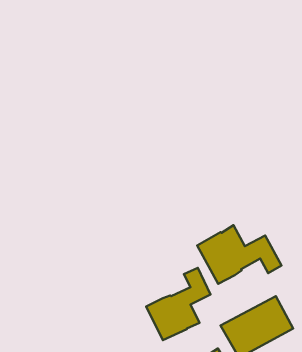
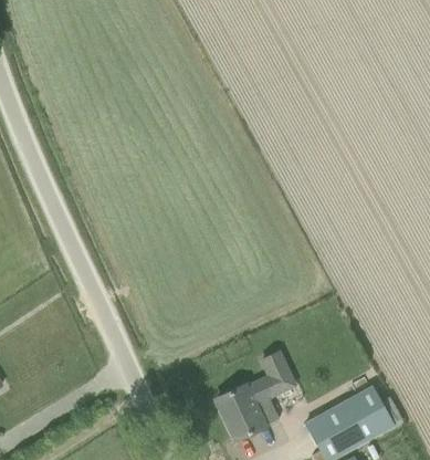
building: [197,225,282,284] -> none

